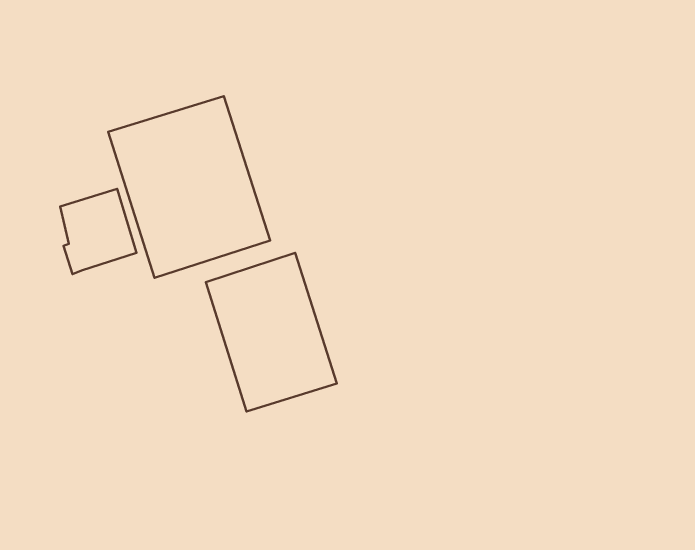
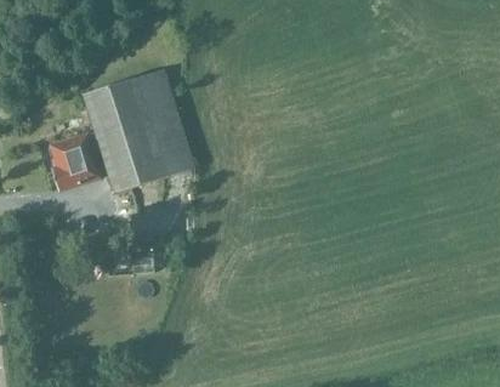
building: [206,253,337,412] -> none

